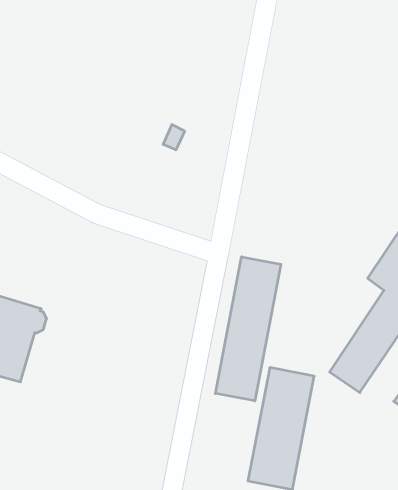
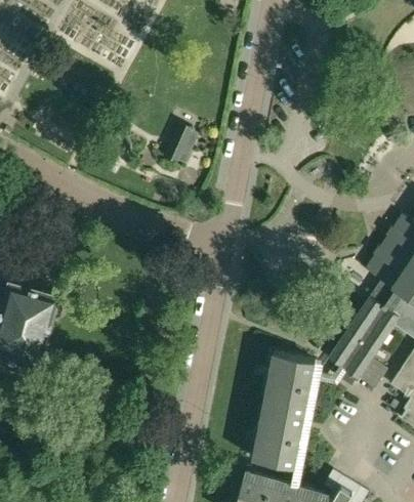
building: [215,257,281,401] -> none

